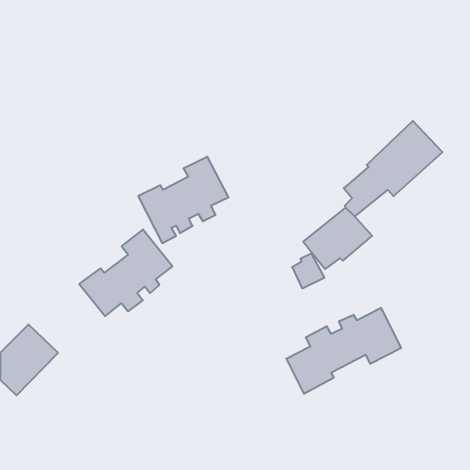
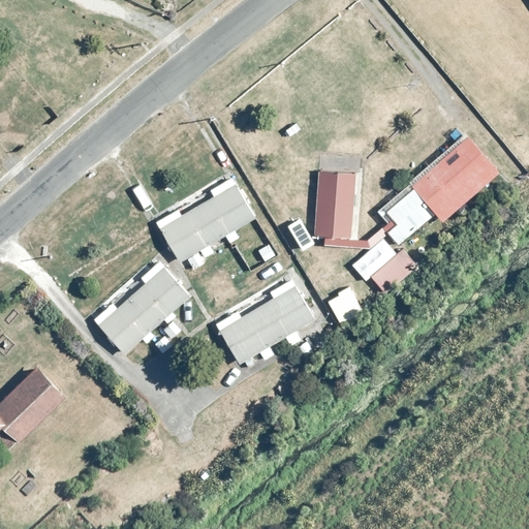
building: none -> [312,169,355,237]
building: none -> [212,278,316,373]
building: [286,308,401,394] -> none

